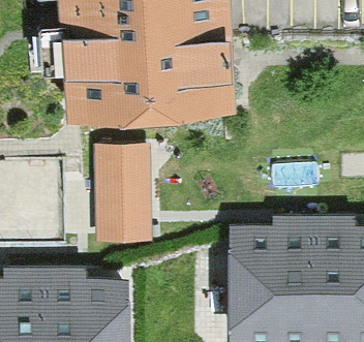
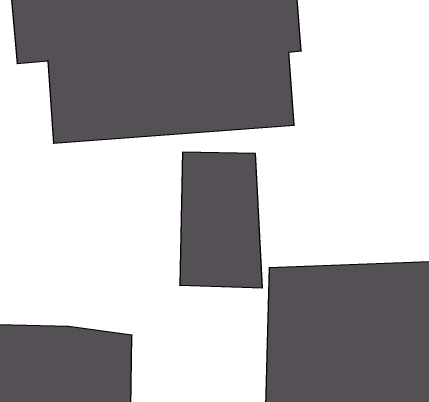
building: [88,142,149,242] -> [180,152,262,288]

